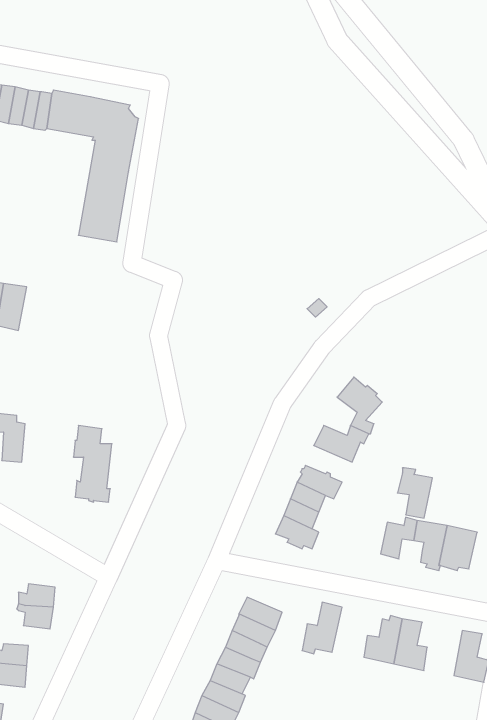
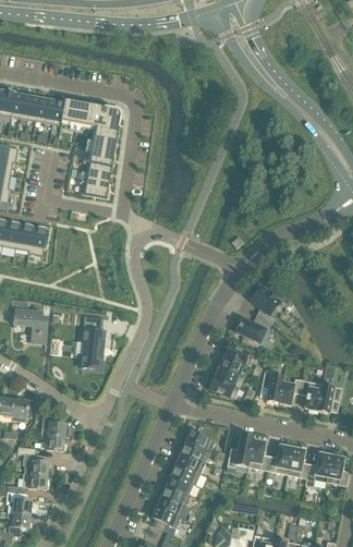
building: [397,468,432,518] -> [260,368,283,401]
building: none -> [246,436,269,469]
building: none -> [304,449,331,486]

